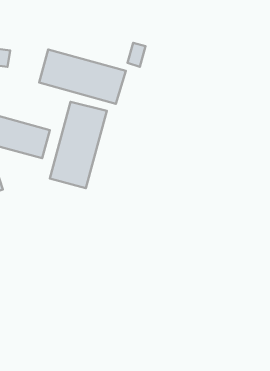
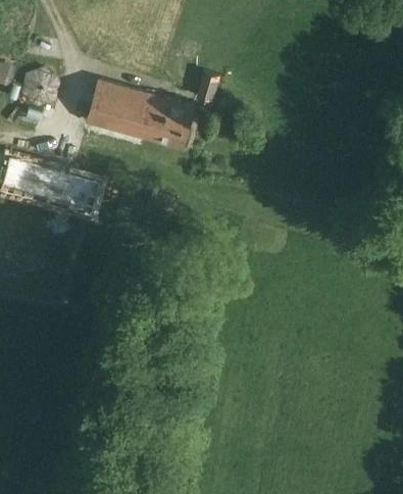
building: [50,102,107,188] -> none

